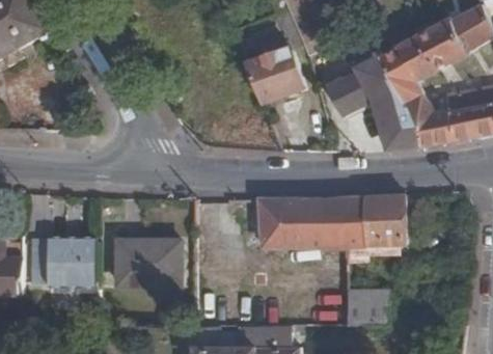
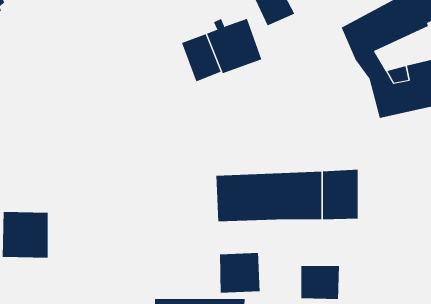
building: [332,53,423,146] -> none
building: [117,241,180,287] -> none
building: none -> [220,252,260,293]

